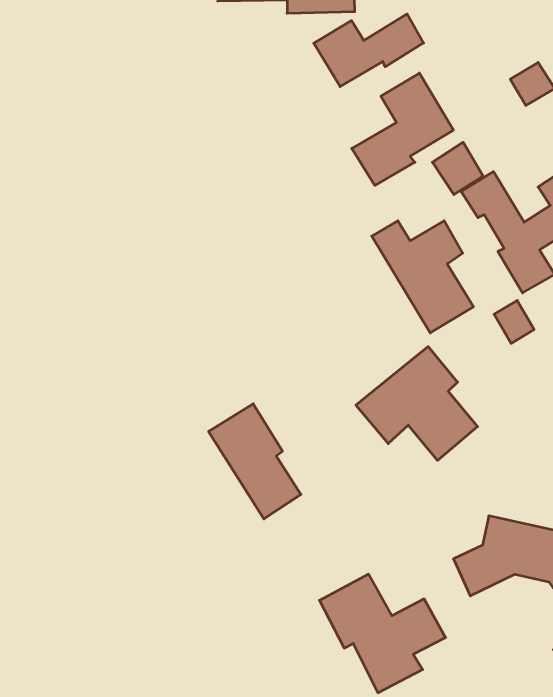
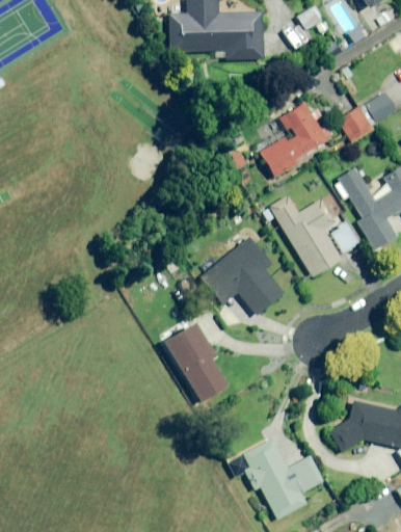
building: [314,14,424,87] -> none
building: [432,142,483,195] -> [339,106,373,141]
building: [494,300,534,343] -> [332,223,359,252]
building: [356,347,478,460] -> [202,238,284,315]

